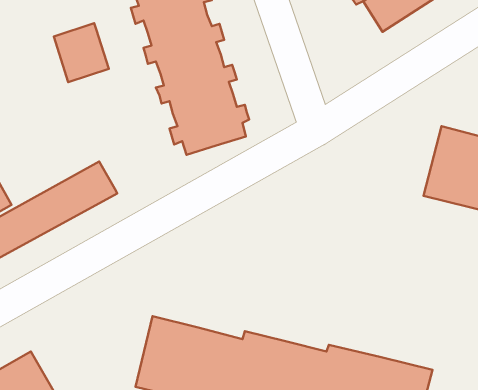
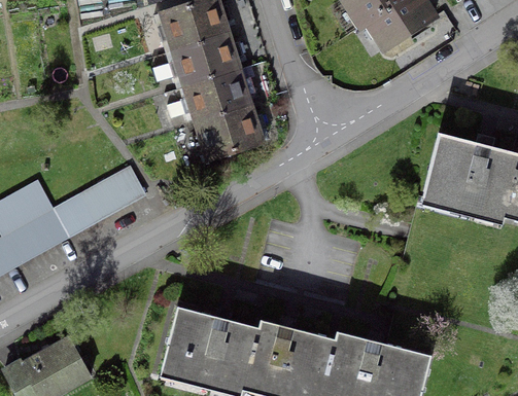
building: [54,23,109,82] -> none

